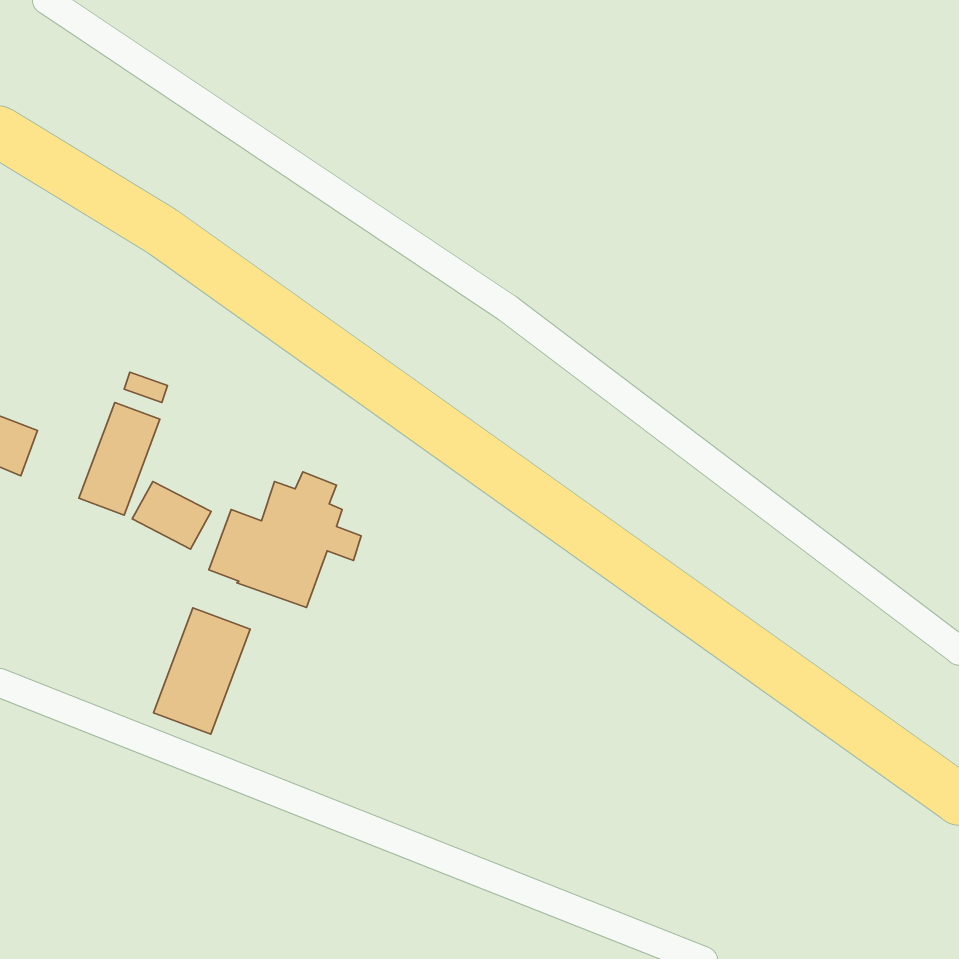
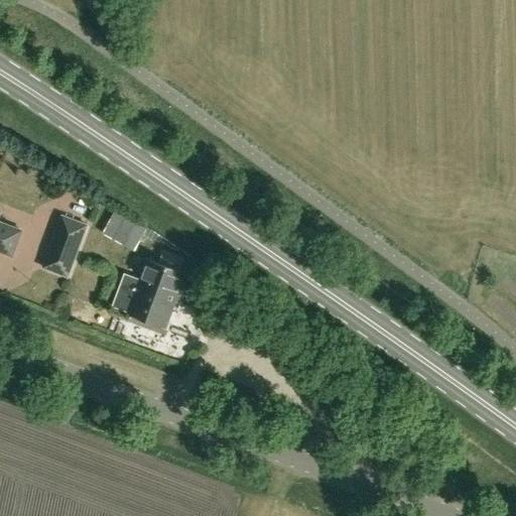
building: [132,481,211,549] -> [102,214,144,250]
building: [153,608,250,734] -> none

